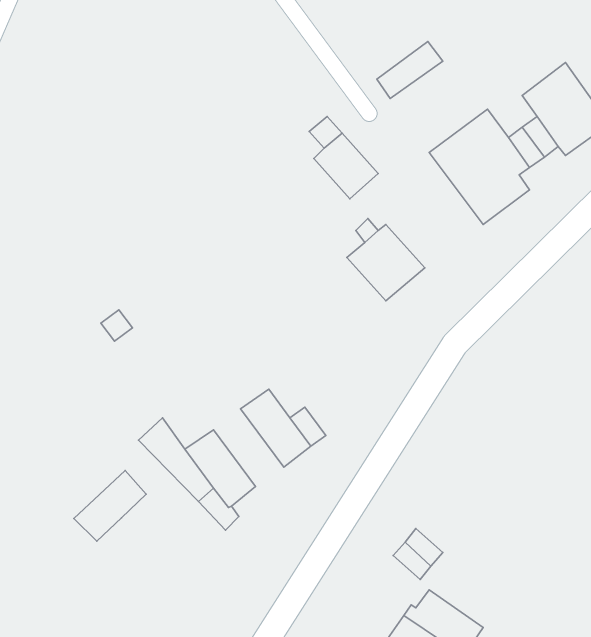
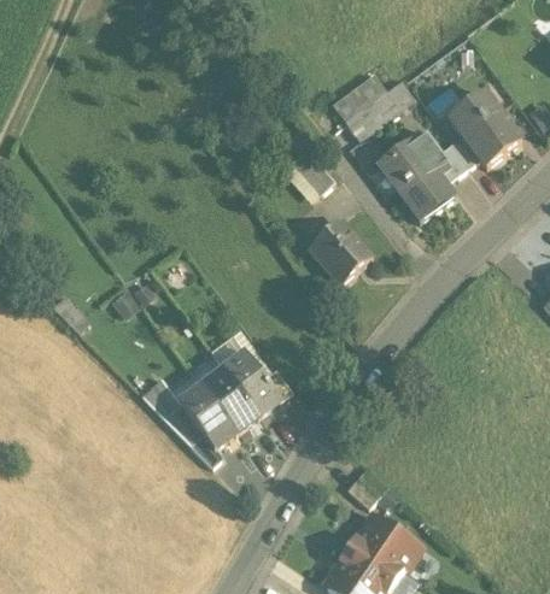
building: none -> [344,89,400,140]
building: none -> [201,369,258,431]
building: [74,471,146,541] -> none

